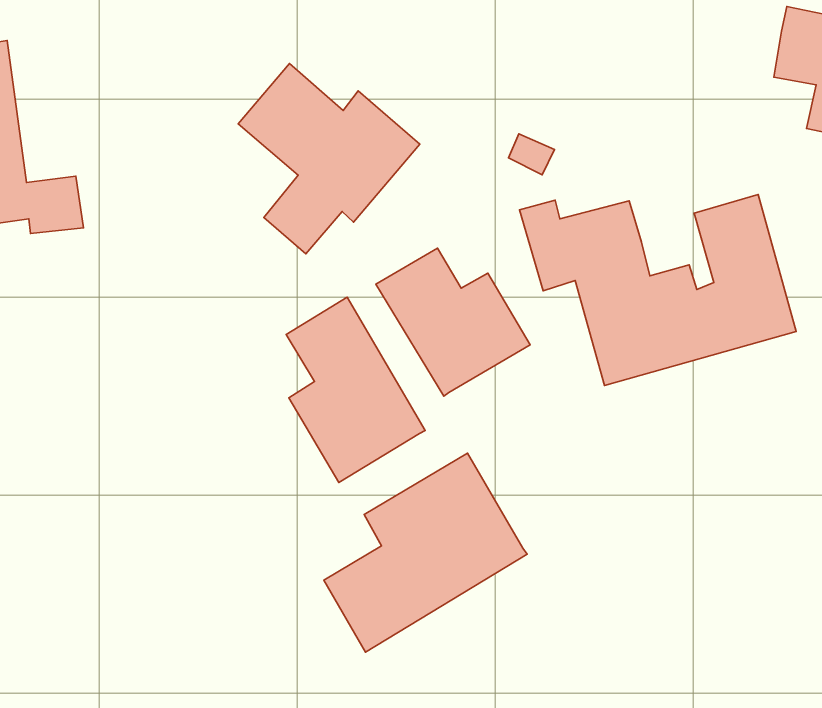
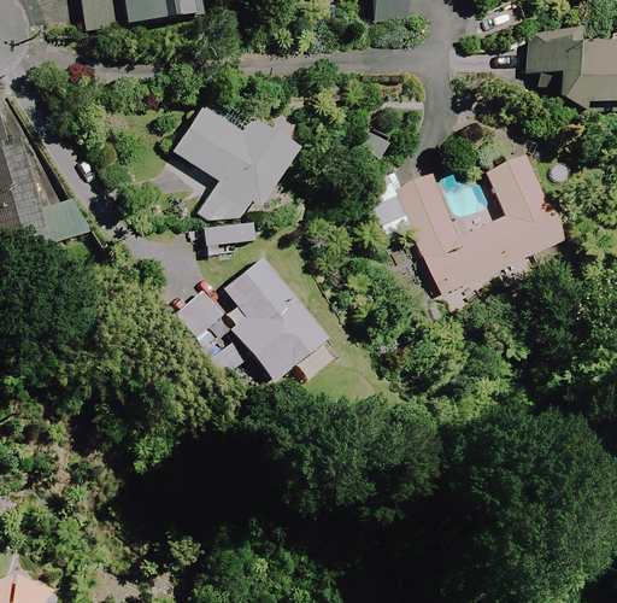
building: [376,248,530,396] -> none
building: [324,453,527,652] -> none

